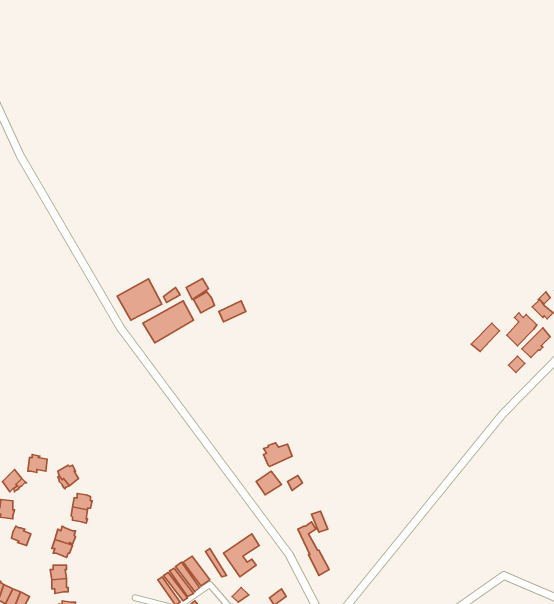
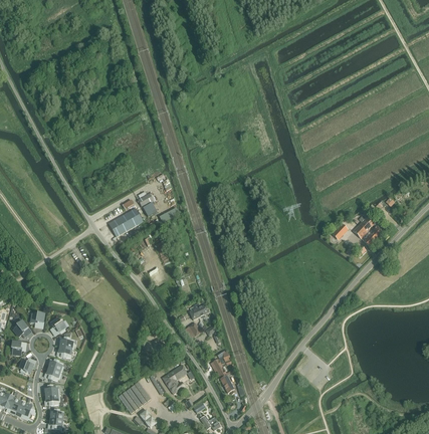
building: [117,279,162,320] -> none

